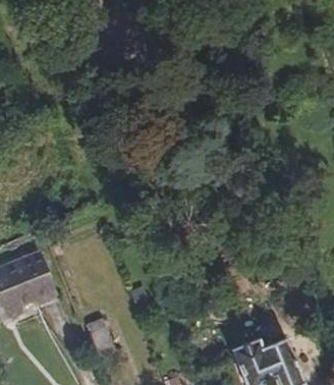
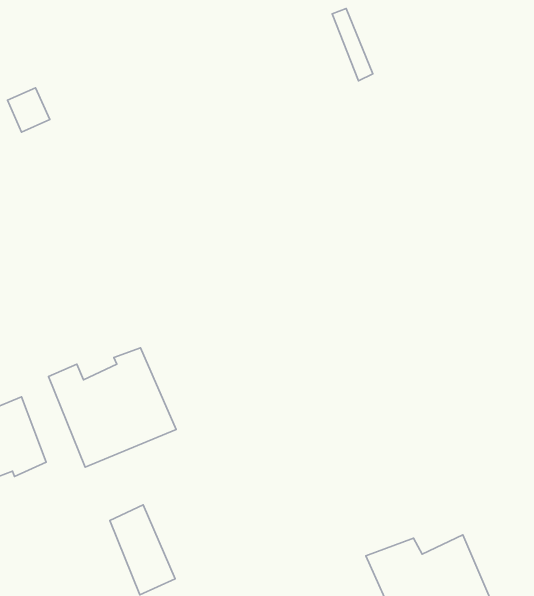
building: none -> [48,348,176,467]

